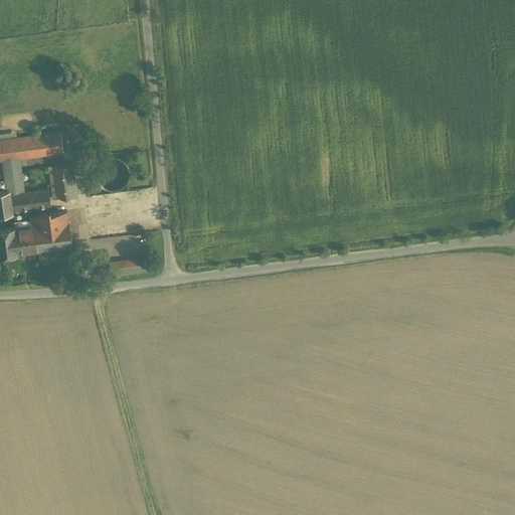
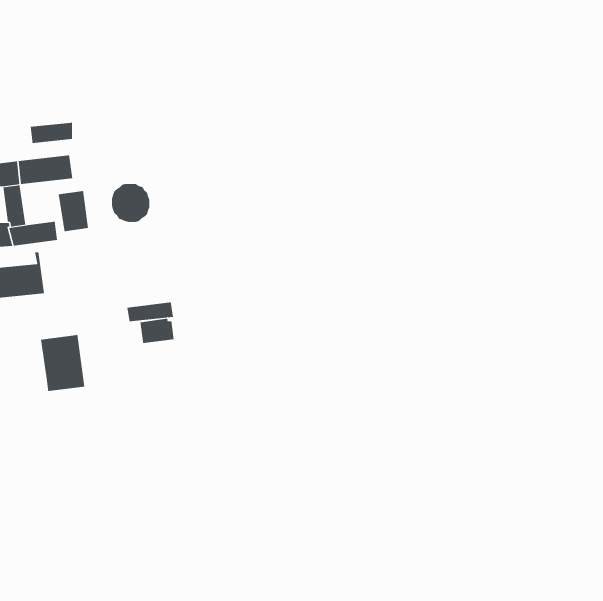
building: none -> [30,122,73,144]
building: [33,213,71,262] -> [40,335,85,391]
building: none -> [140,318,174,344]

